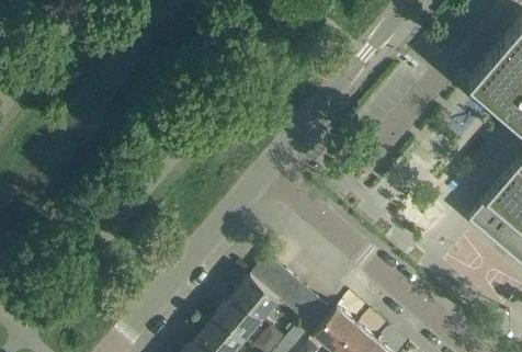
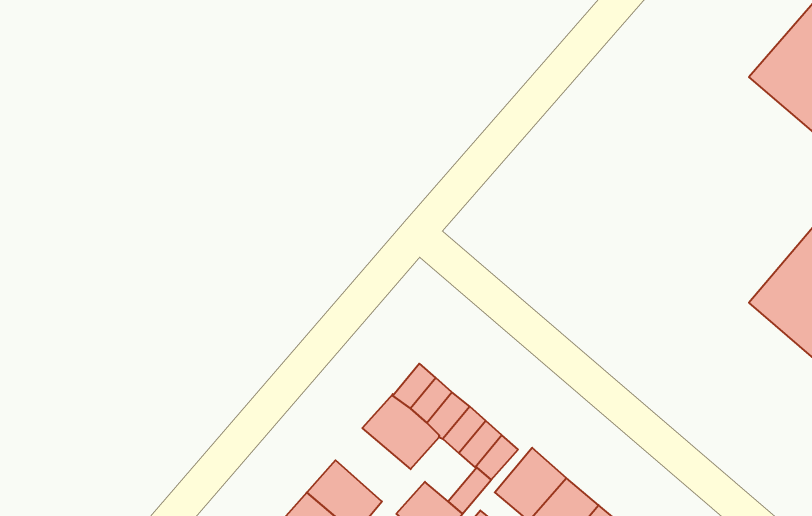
building: [215,296,261,341] -> none

